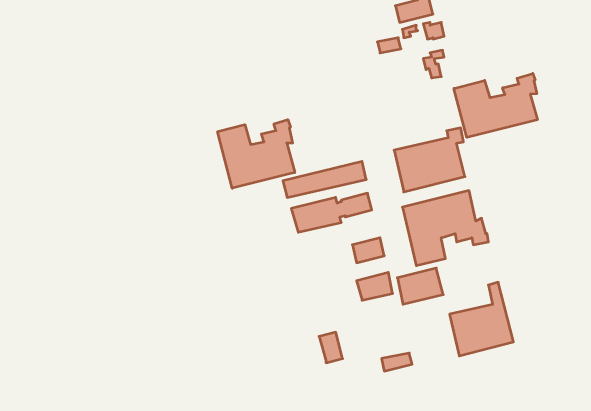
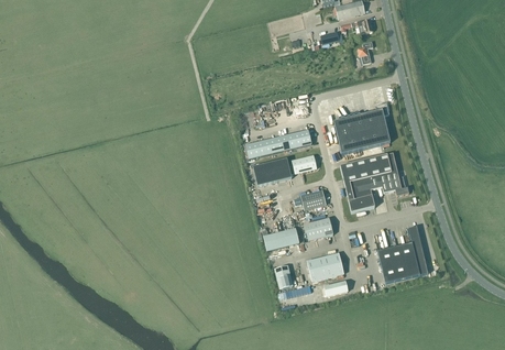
building: [454,73,537,137] -> none
building: [218,120,295,188] -> none
building: [397,268,443,304] -> [307,253,343,282]
building: none -> [263,228,298,251]

